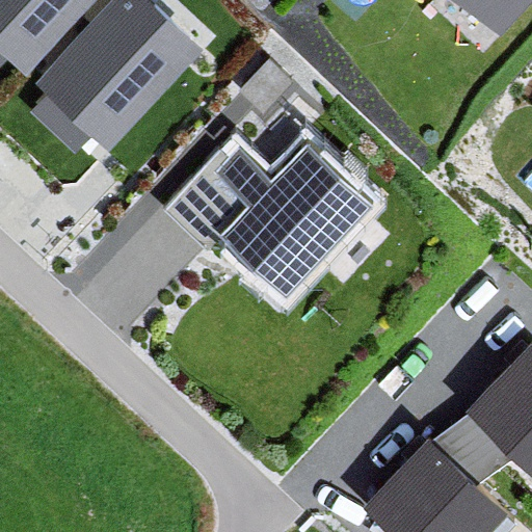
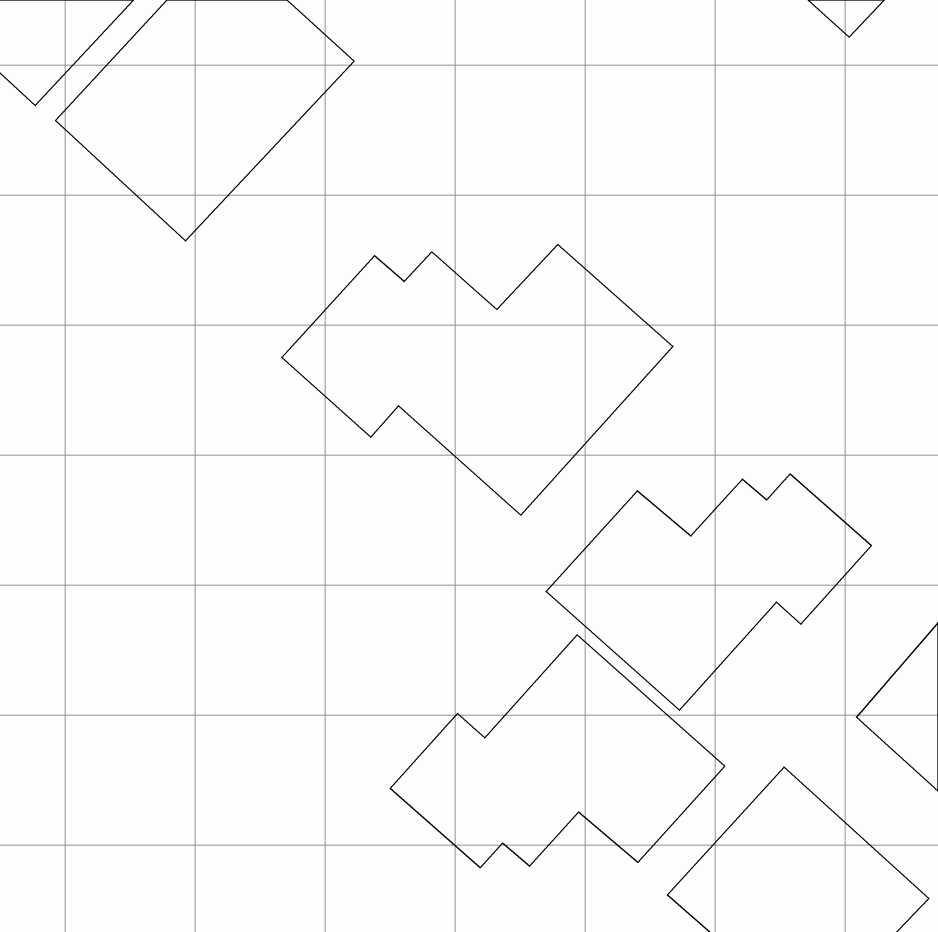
building: none -> [546,474,871,710]
building: none -> [390,635,725,868]

